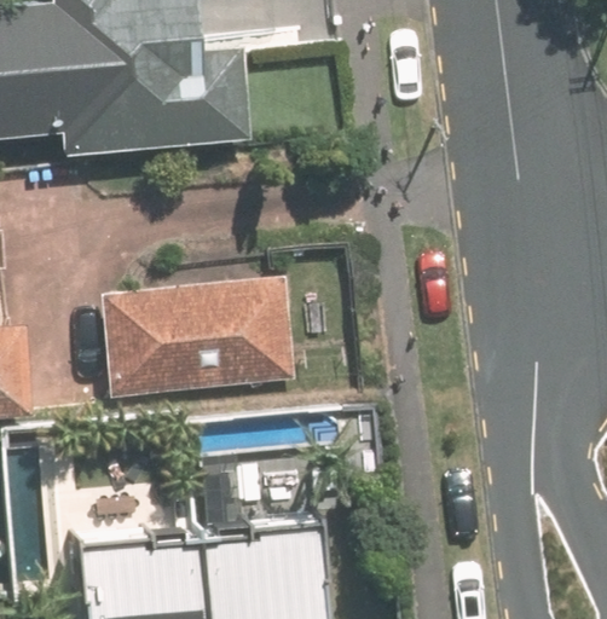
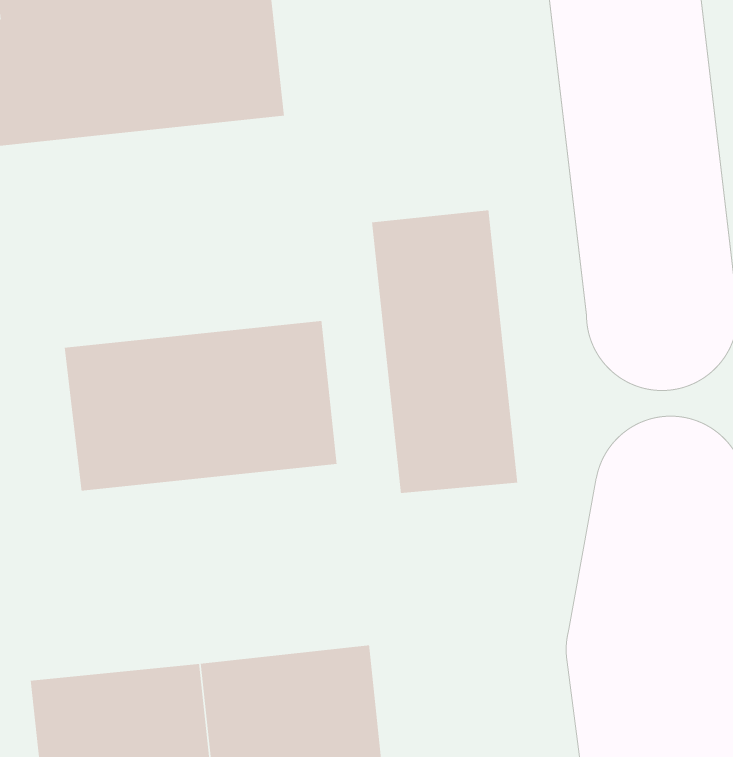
building: none -> [371,209,518,494]

